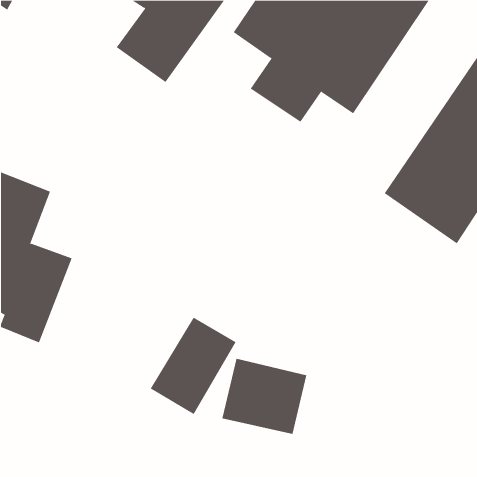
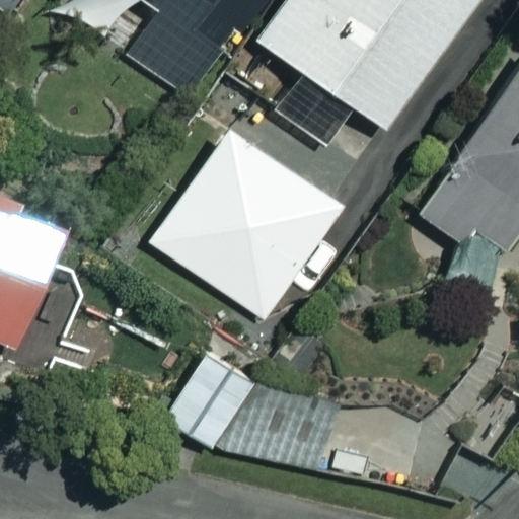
building: none -> [149,128,341,319]

